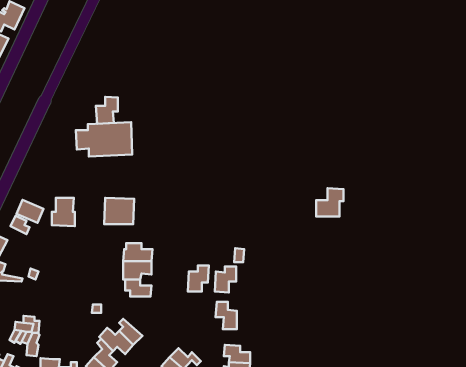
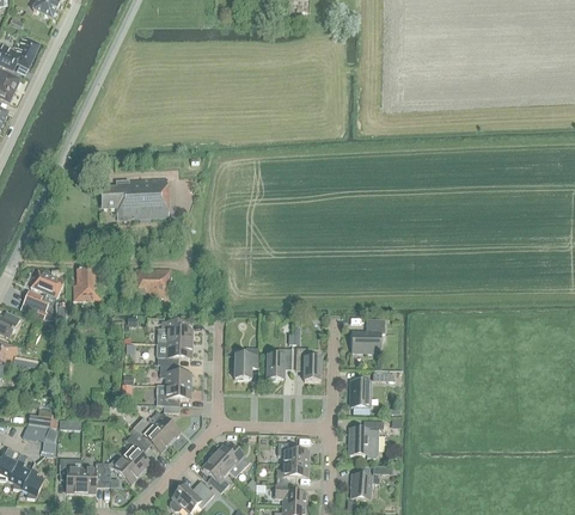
building: [96,97,118,124] -> none
building: [316,188,343,216] -> [351,317,384,350]
building: none -> [349,379,369,406]
building: none -> [158,382,189,404]
building: [216,302,237,329] -> [294,347,319,379]
building: none -> [348,419,383,456]

